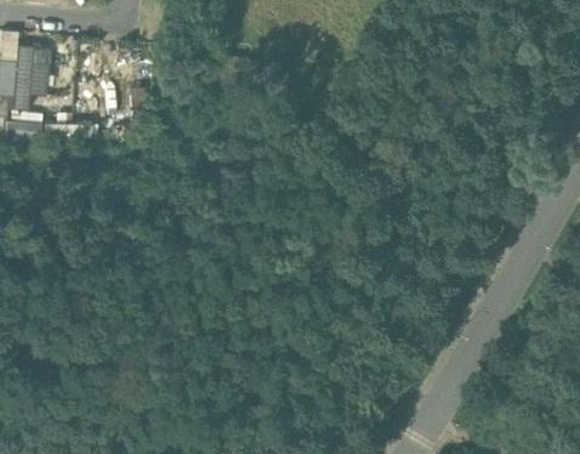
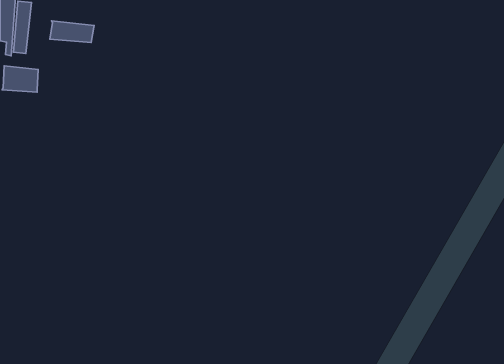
building: none -> [50,21,94,43]

